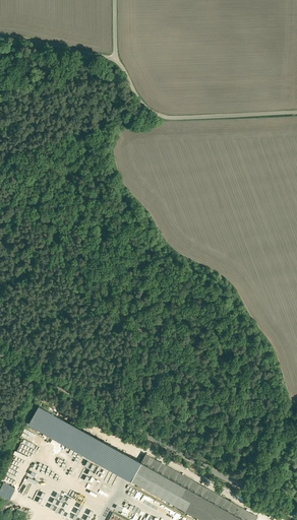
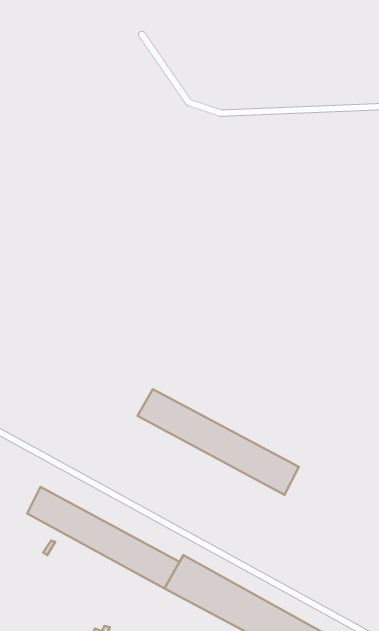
building: none -> [138,389,299,495]

